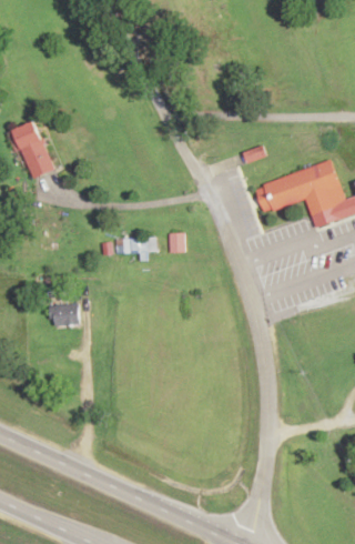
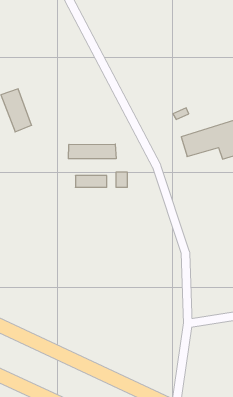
building: none -> [68,144,116,159]
building: [51,306,78,326] -> none

